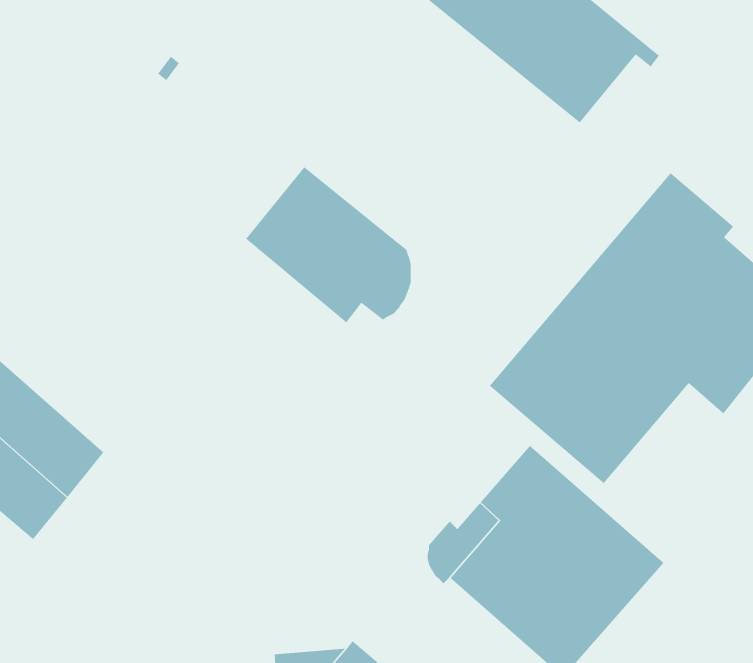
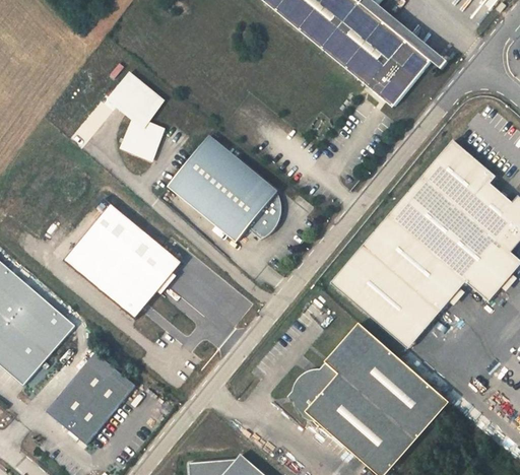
building: none -> [109,72,162,158]
building: none -> [64,203,182,319]
building: none -> [45,351,134,444]

